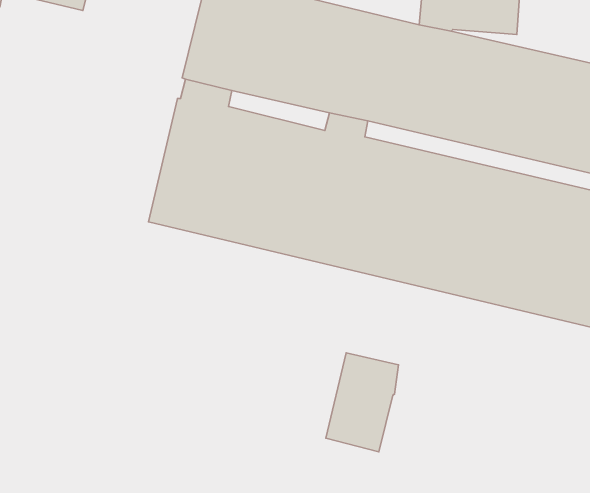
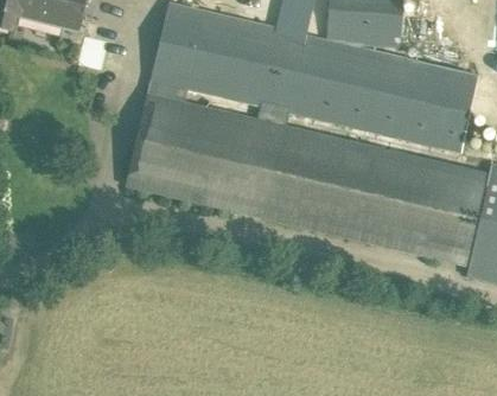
building: [326,353,399,452] -> none

